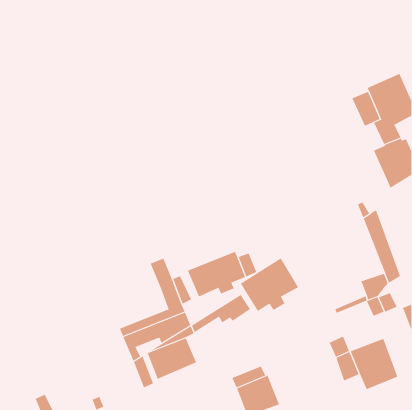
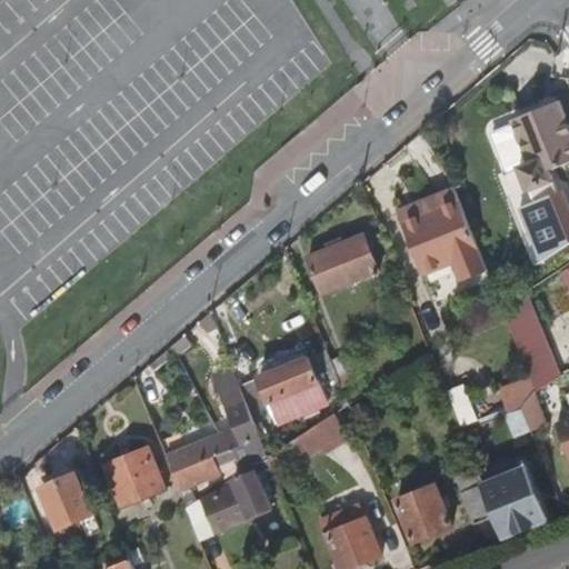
building: none -> [395,184,485,277]
building: none -> [309,236,378,295]
building: [240,257,299,312] -> none
building: none -> [107,449,166,509]
building: none -> [43,481,91,531]
building: none -> [398,489,451,546]

